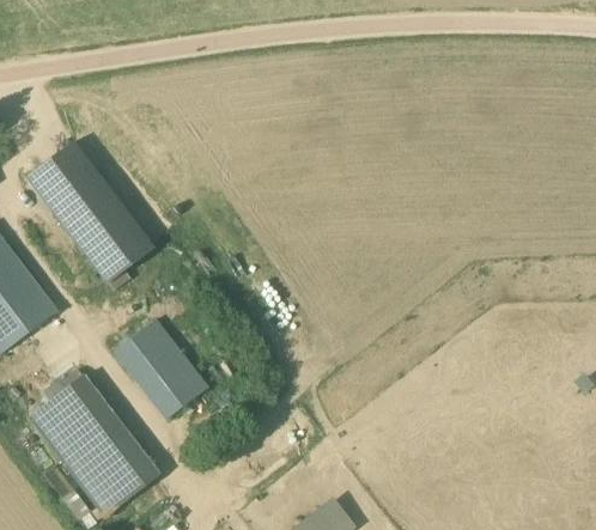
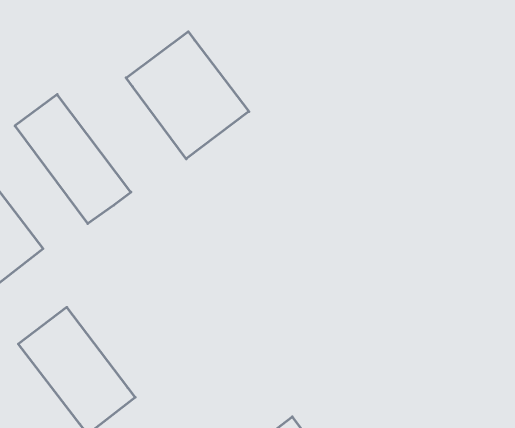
building: none -> [126,32,249,159]
building: [110,315,208,419] -> none

